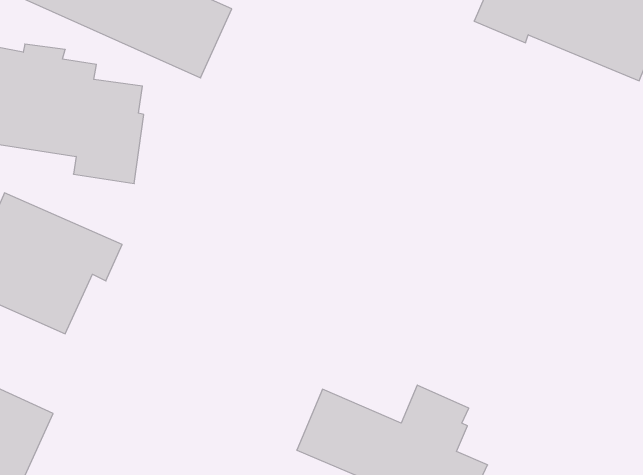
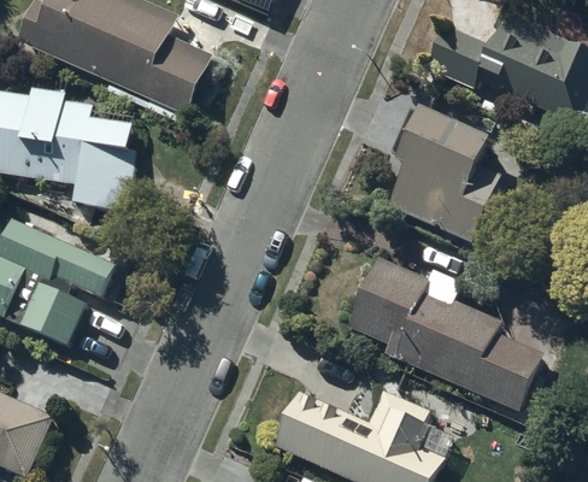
building: none -> [388,108,501,240]
building: none -> [351,259,548,413]

